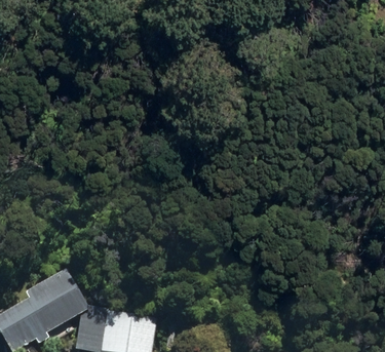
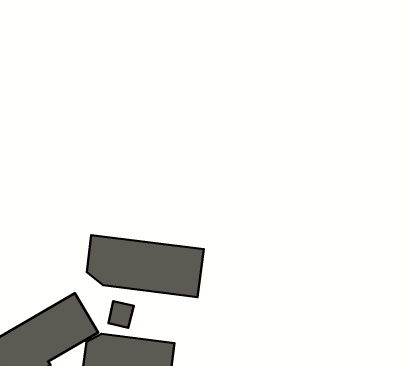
building: none -> [87,235,204,297]

